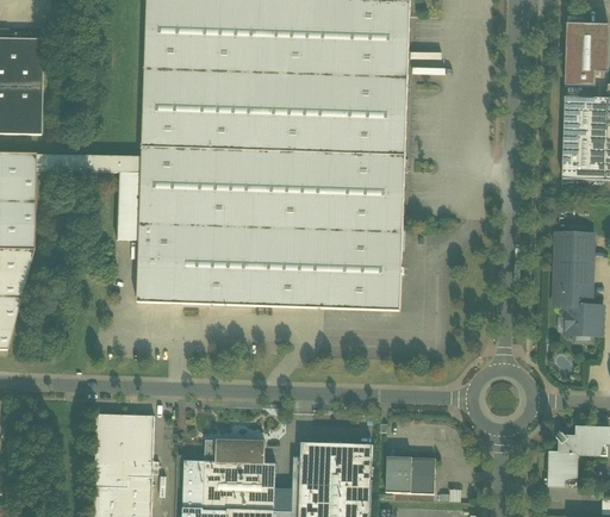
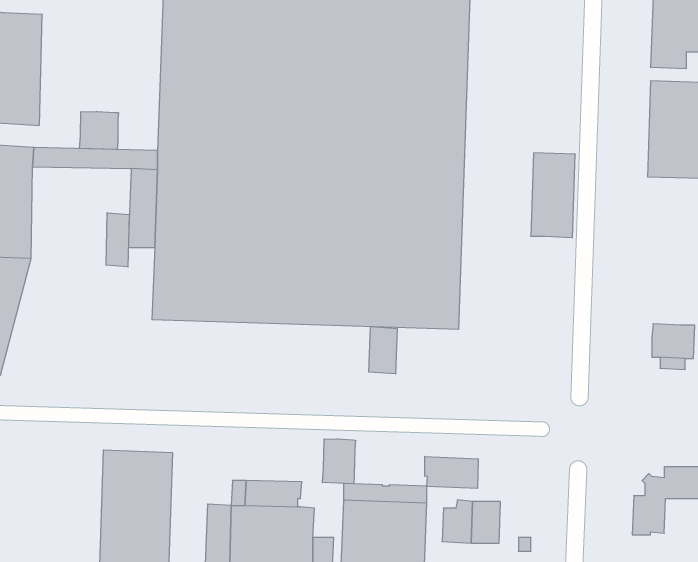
building: none -> [80,111,118,149]
building: none -> [106,213,129,267]
building: [554,232,592,305] -> [531,153,575,238]
building: none -> [369,327,397,374]
building: none -> [322,439,355,484]
building: none -> [425,456,478,488]

